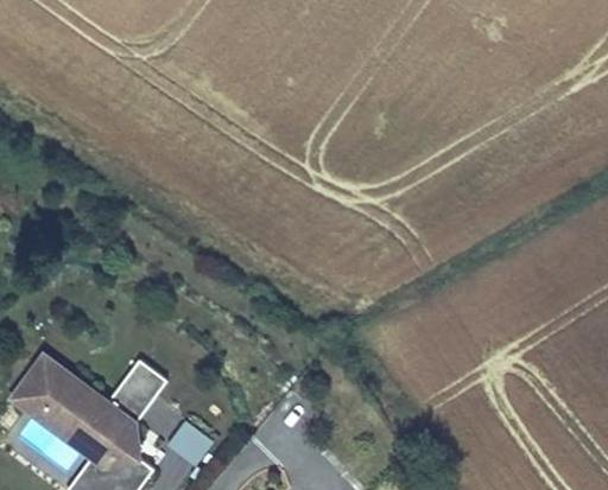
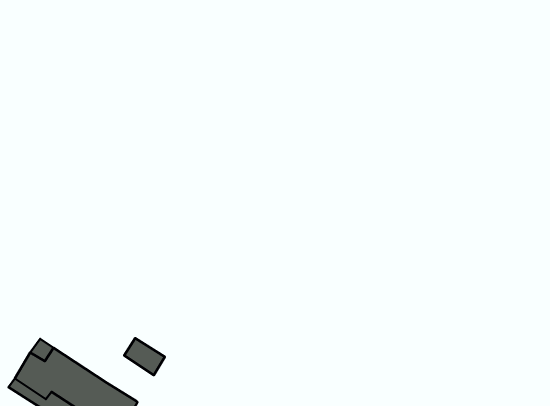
building: [108,375,156,421] -> none

